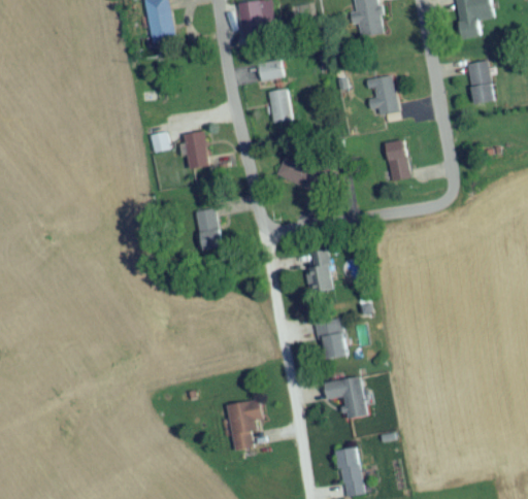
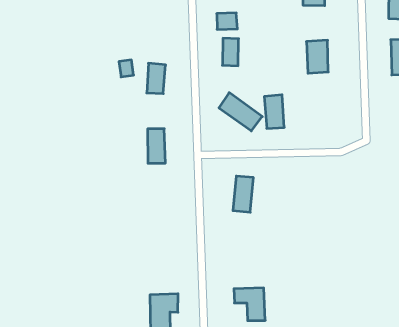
building: [384,139,412,181] -> [264,95,284,128]
building: [317,318,348,361] -> none

